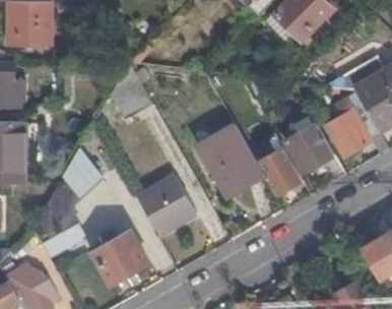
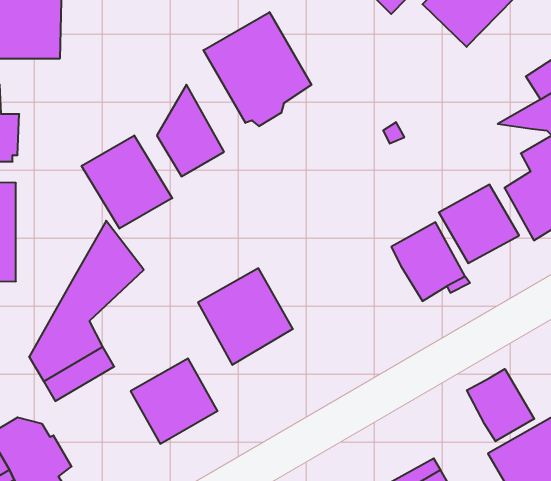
building: none -> [203,12,311,126]
building: none -> [82,135,172,229]
building: [200,126,262,193] -> none
building: none -> [467,369,534,441]

